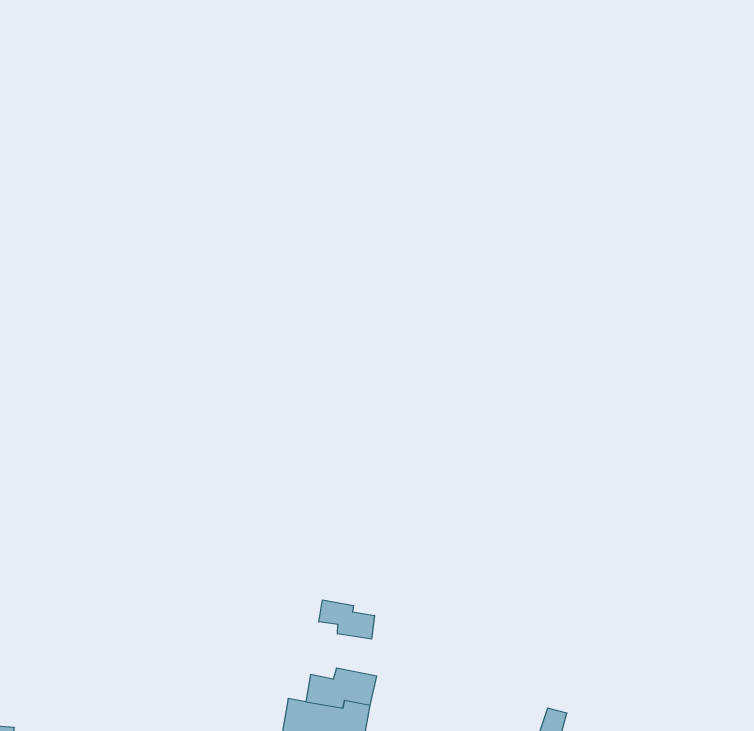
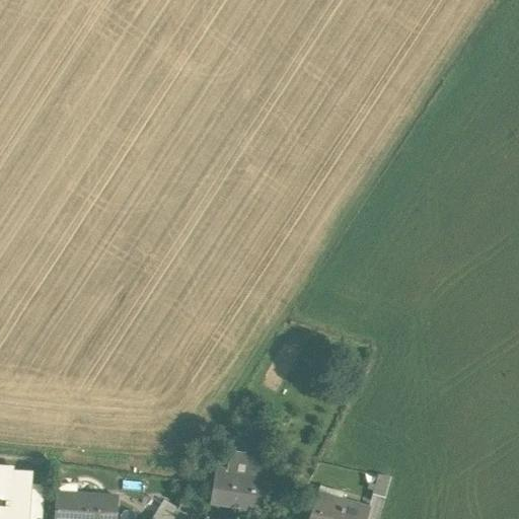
building: [319,600,374,639] -> none

